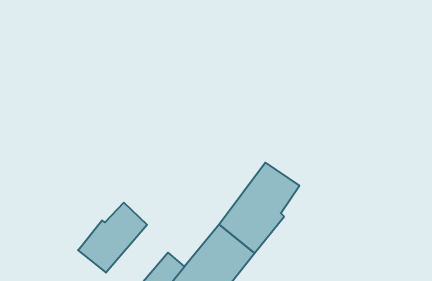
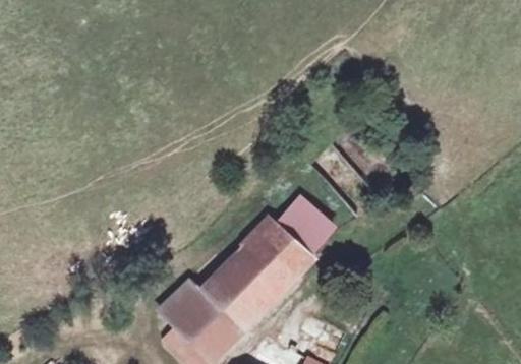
building: [78,203,147,273] -> none

